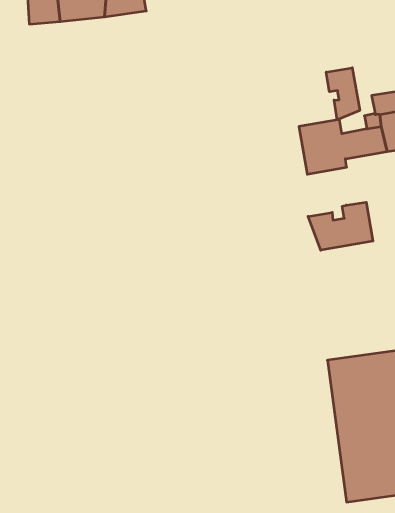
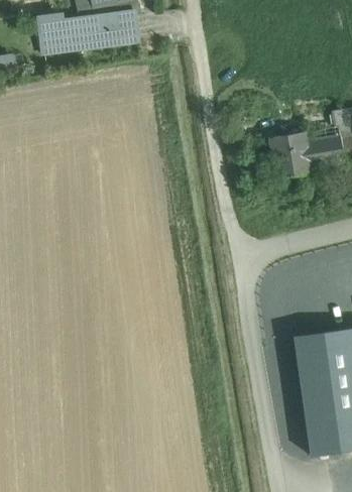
building: [326,68,360,120] -> none
building: [308,202,373,250] -> none

